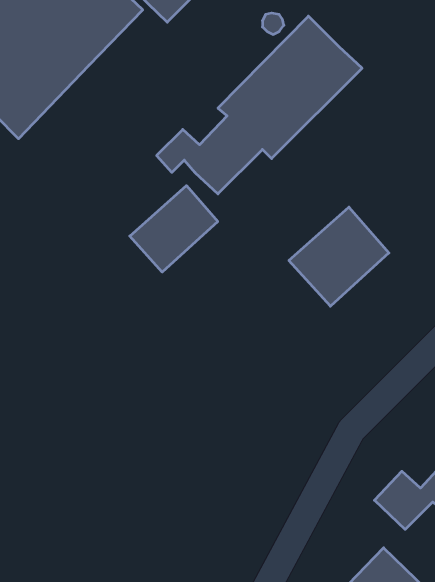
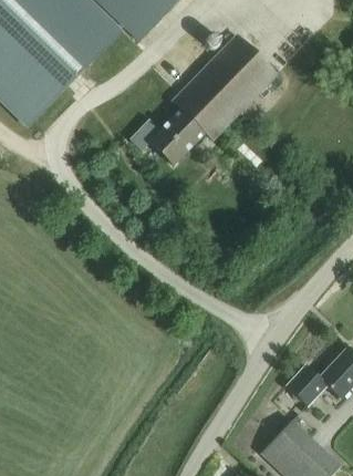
building: [130,186,218,272] -> none
building: [289,207,389,306] -> none

